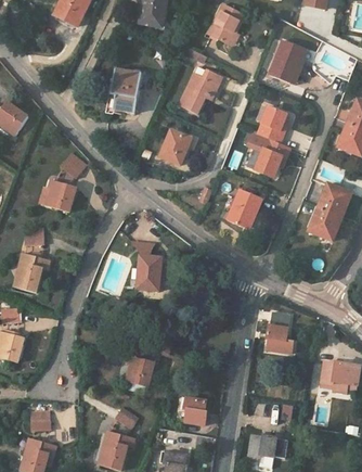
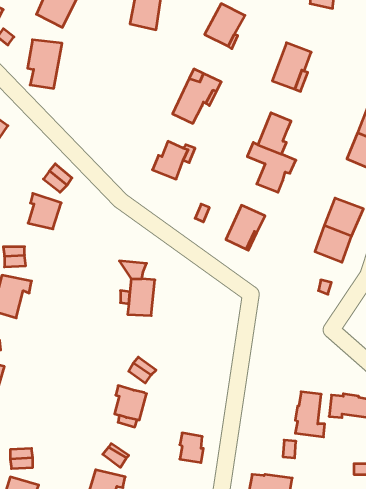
building: [111,68,142,113] -> [28,40,62,88]
building: [266,311,293,353] -> [295,392,325,437]

